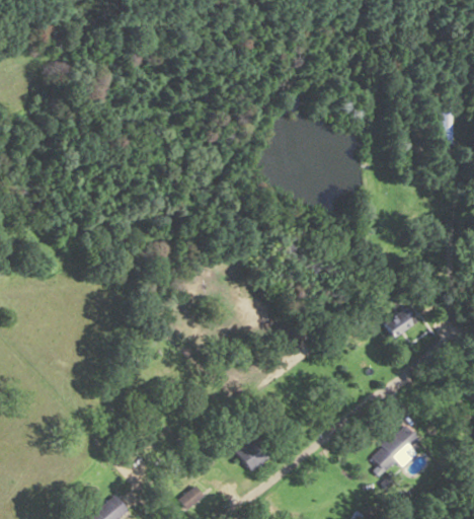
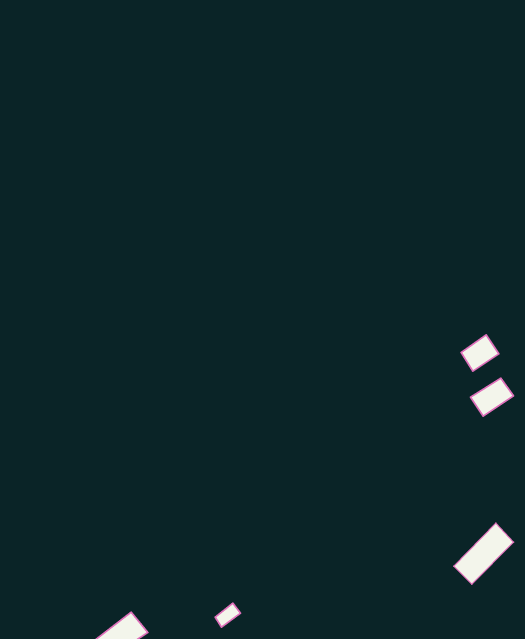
building: none -> [461,335,499,371]
building: [235,438,268,472] -> none

